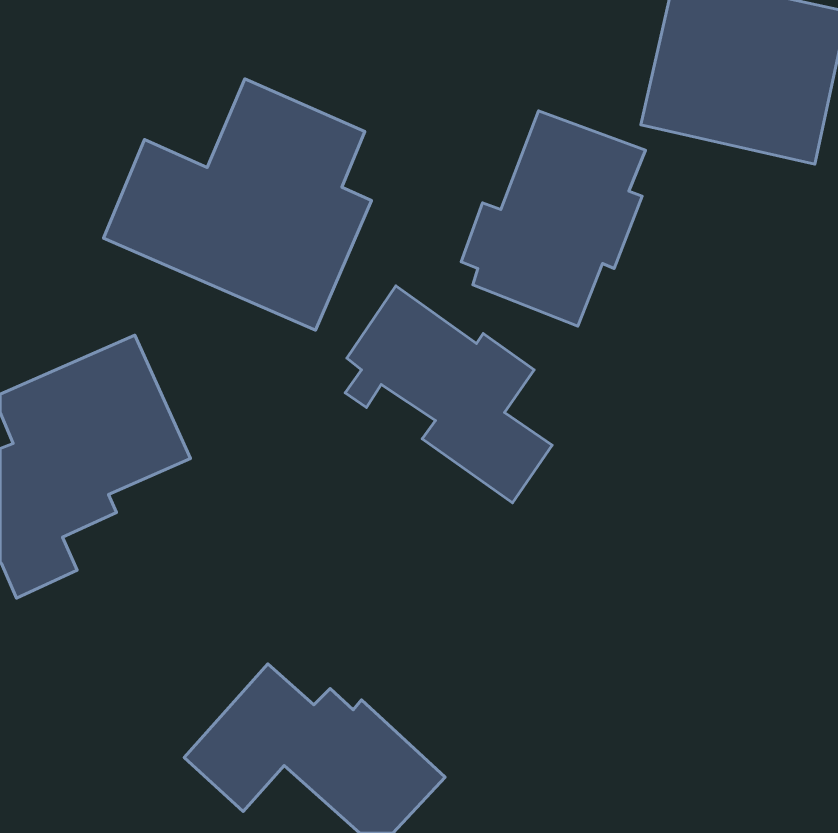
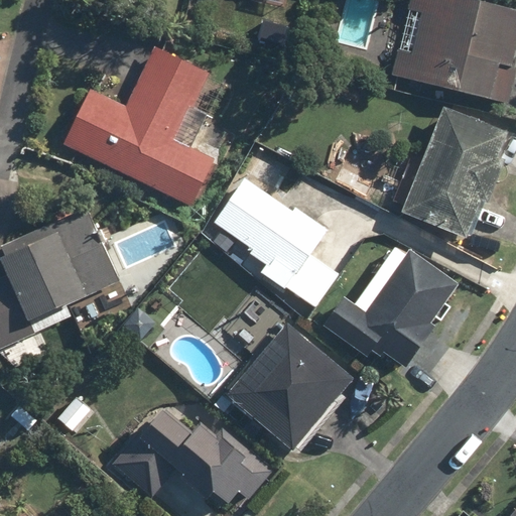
building: [461,111,645,326] -> [394,108,507,240]
building: none -> [322,250,457,371]
building: none -> [226,322,353,452]

